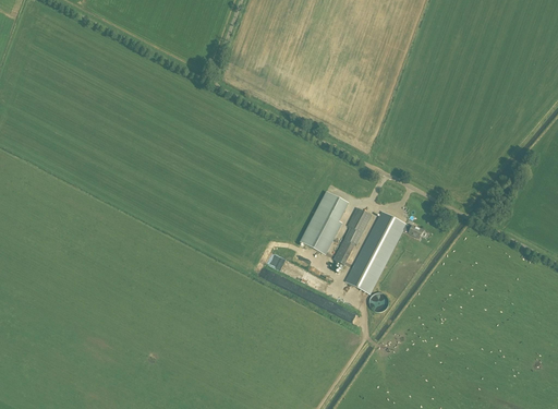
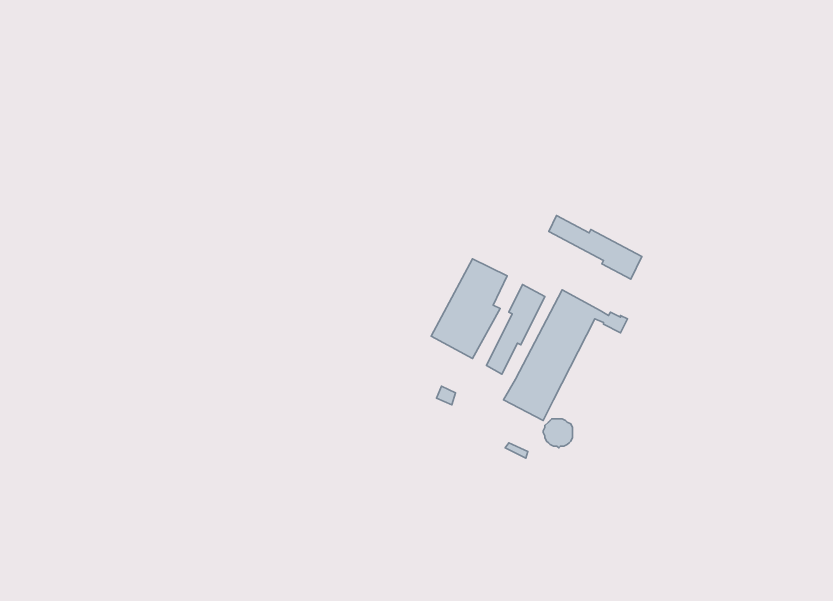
building: none -> [549,216,642,279]

